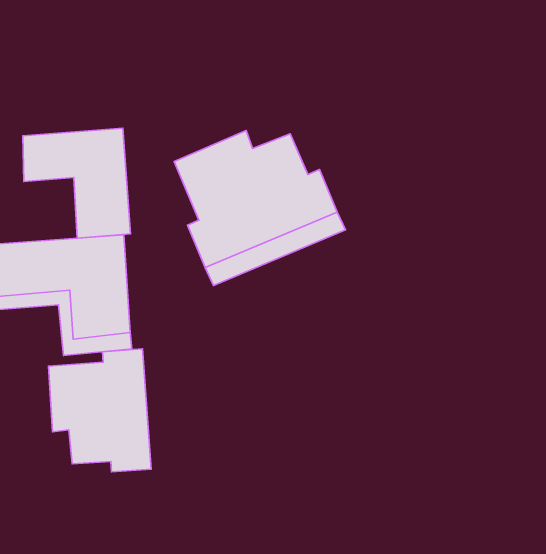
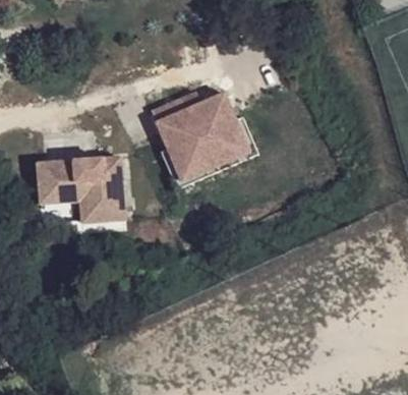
building: [23,128,131,238] -> none
building: [48,349,151,472] -> none

